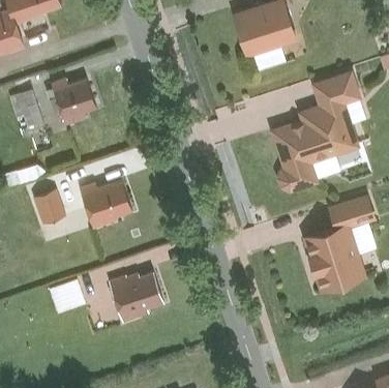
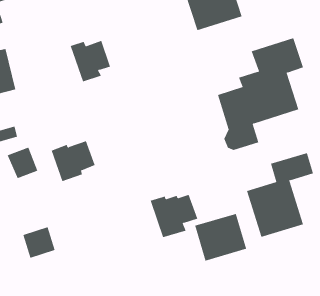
building: [51,80,97,127] -> [70,40,111,82]
building: none -> [195,213,247,262]
building: [108,274,162,324] -> [150,194,198,238]

